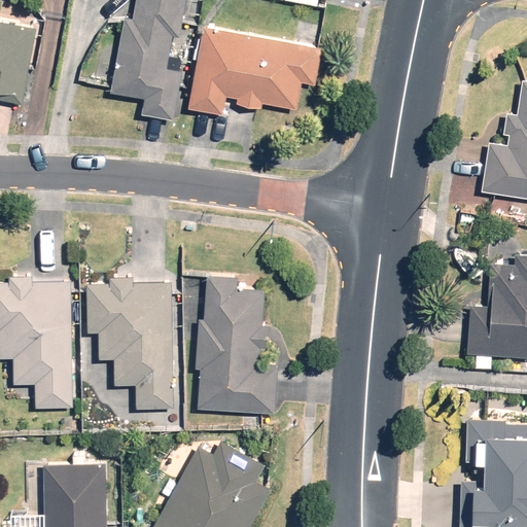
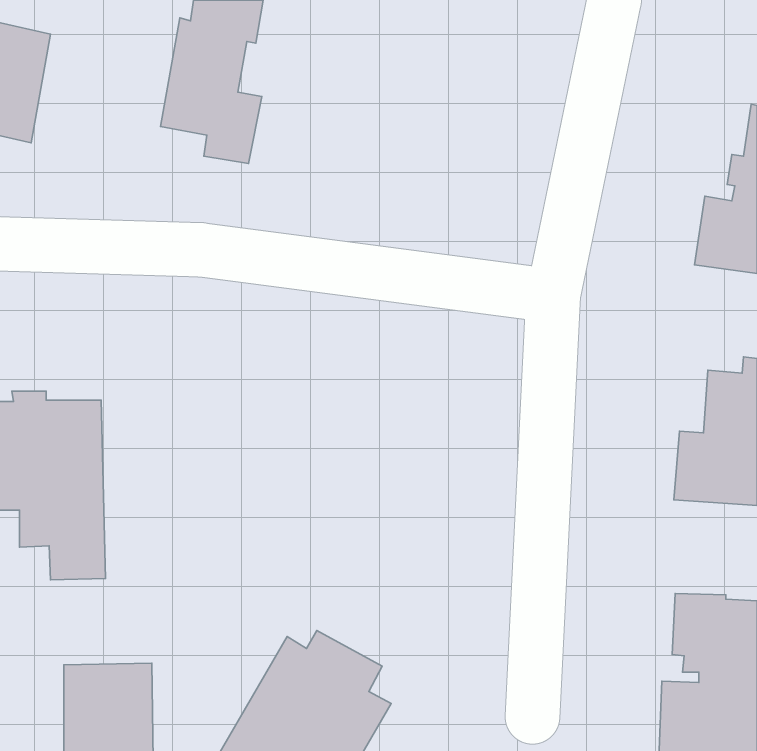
building: [189,28,320,115] -> none
building: [196,277,277,414] -> none
building: [86,278,174,410] -> none

